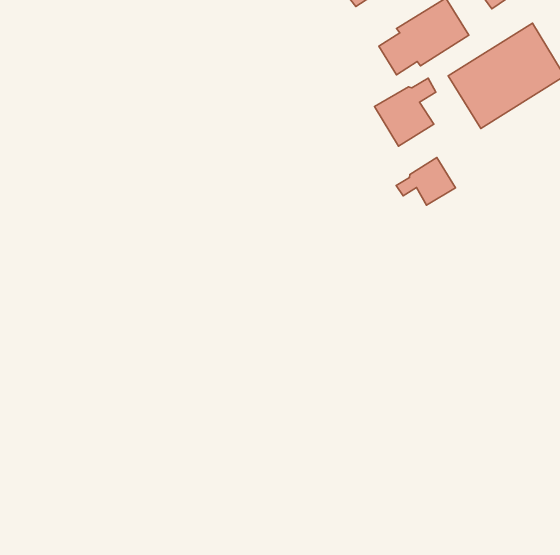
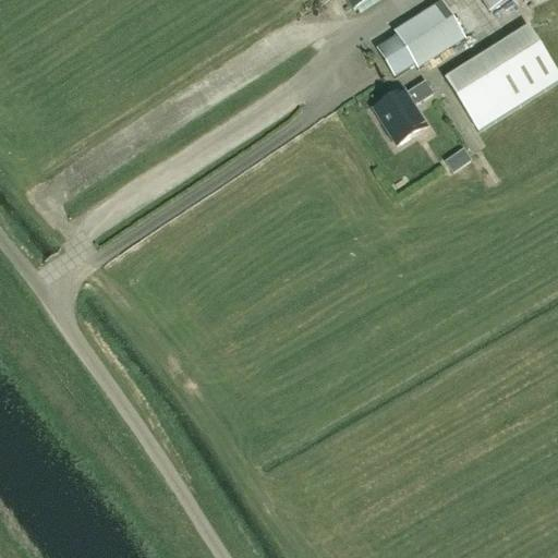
building: [396,157,455,205] -> none

